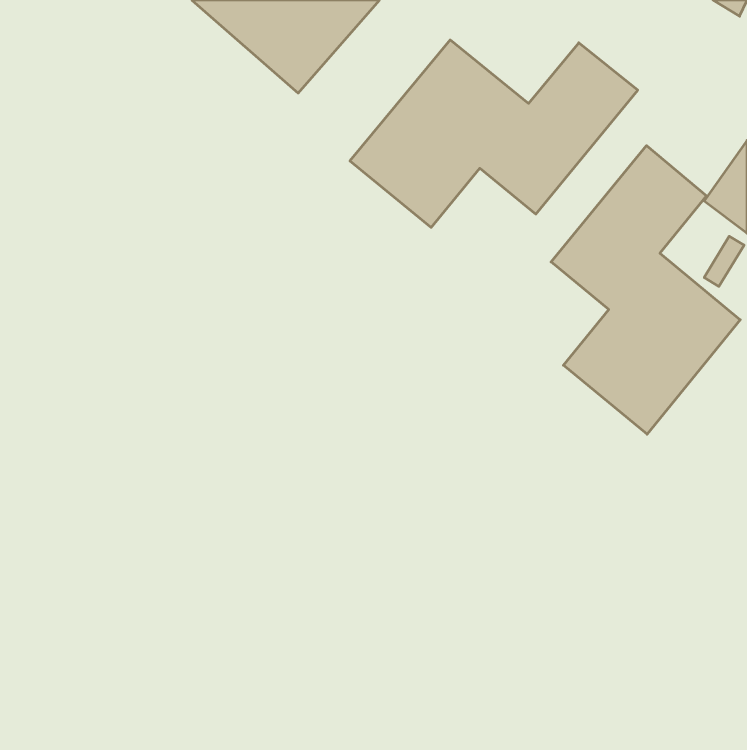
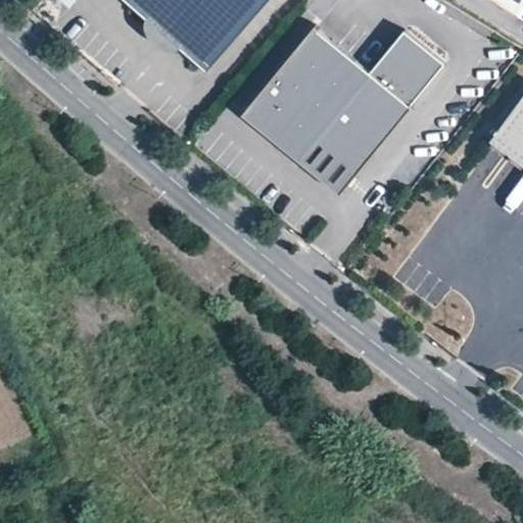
building: [551,146,740,434] -> none
building: none -> [298,120,371,192]

